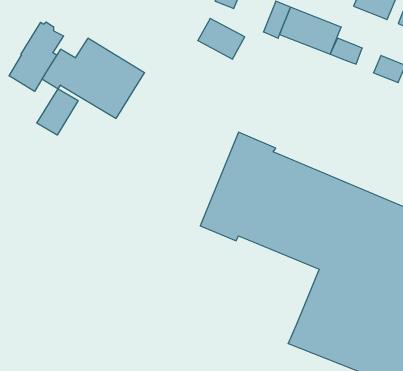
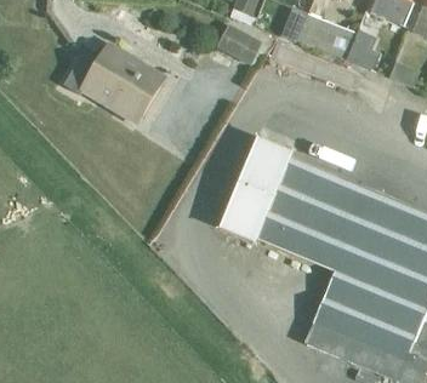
building: [9,22,64,91] -> none
building: [37,89,78,135] -> none

